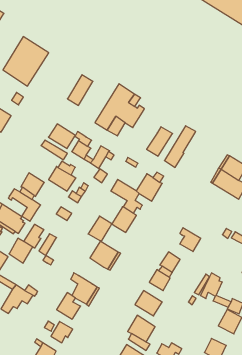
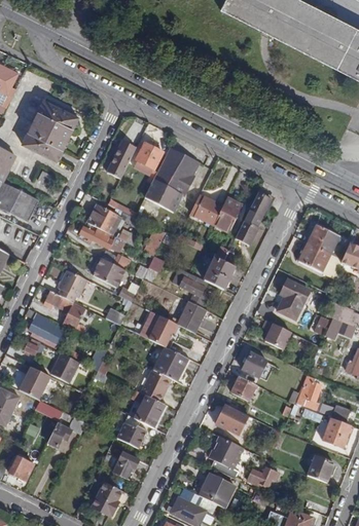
building: none -> [136,142,164,170]
building: none -> [189,195,223,226]
building: none -> [277,278,311,321]
building: [24,224,44,248] -> none
building: none -> [141,369,172,402]

